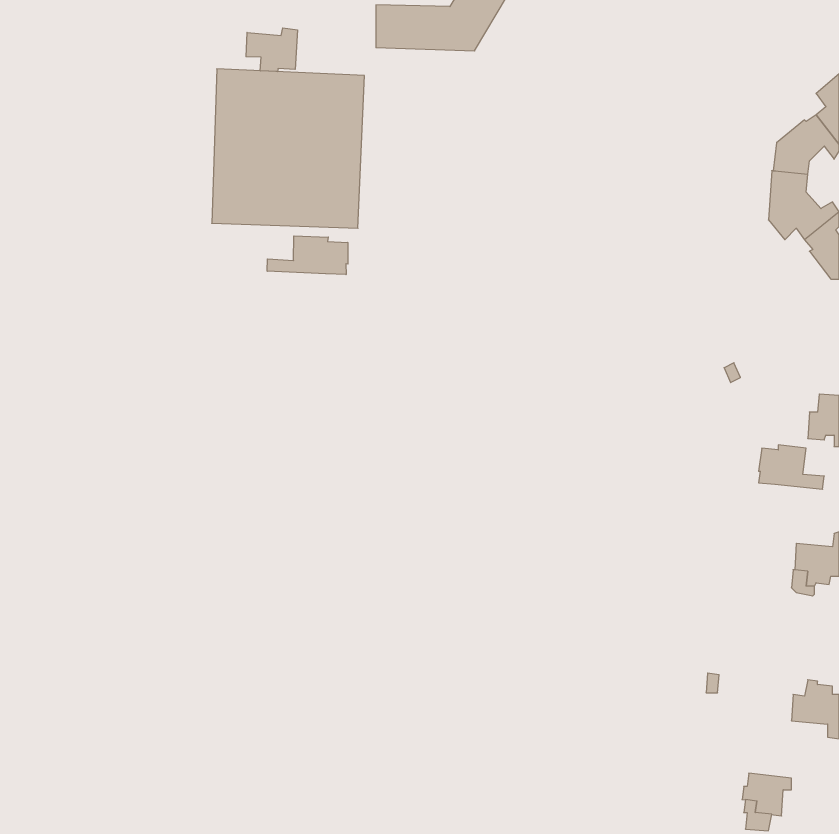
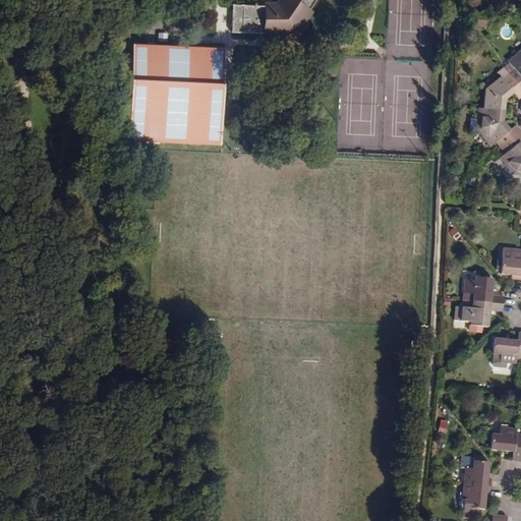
building: [246,28,297,72] -> none
building: [267,236,348,275] -> none
building: none -> [461,299,510,326]
building: none -> [462,456,491,482]

